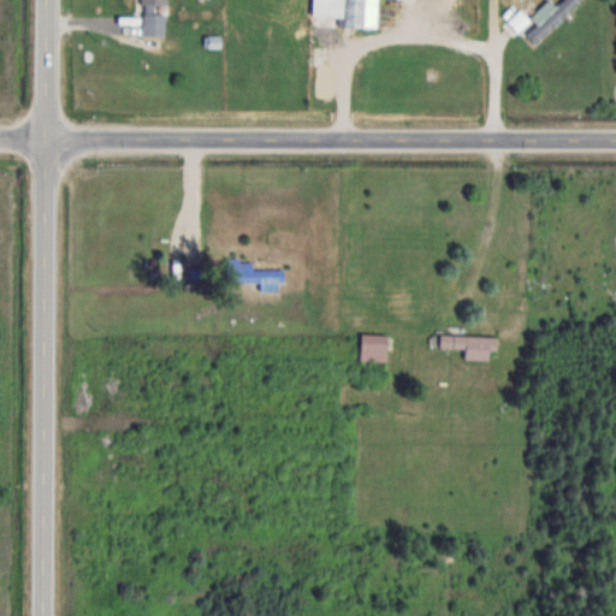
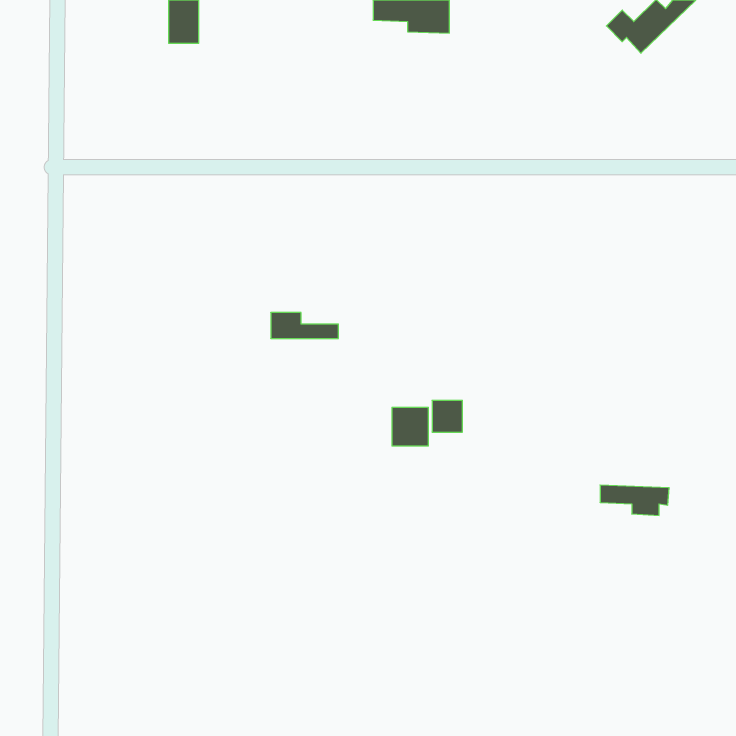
building: [439,334,497,360] -> [600,485,669,515]
building: none -> [392,407,428,446]

